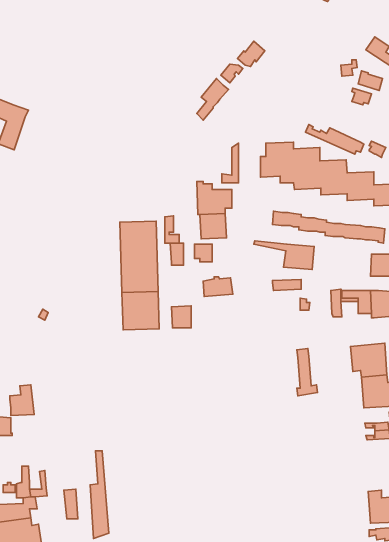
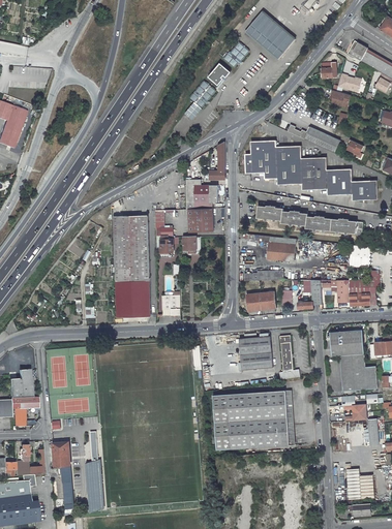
building: none -> [245,14,295,63]
building: [203,277,233,297] -> [247,291,275,310]
building: none -> [239,336,273,370]
building: none -> [213,391,290,449]
building: none -> [10,397,38,426]
building: none -> [52,441,71,466]

